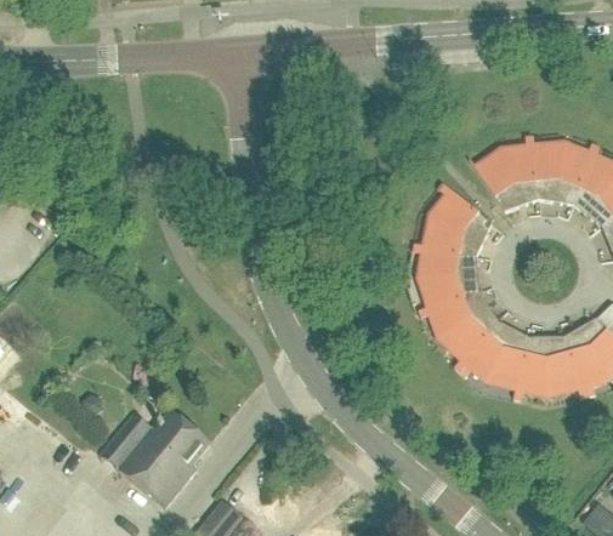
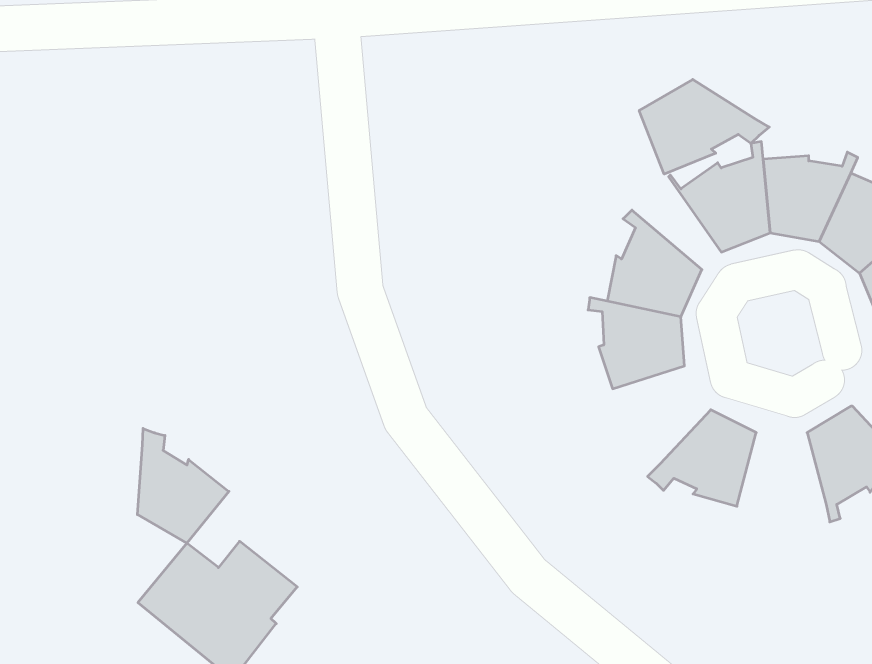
building: none -> [639,79,769,174]
building: [418,290,496,358] -> none
building: none -> [137,428,229,543]
building: [512,336,577,400] -> none

